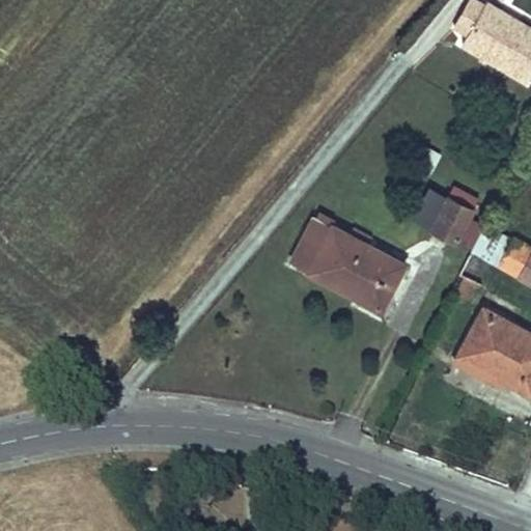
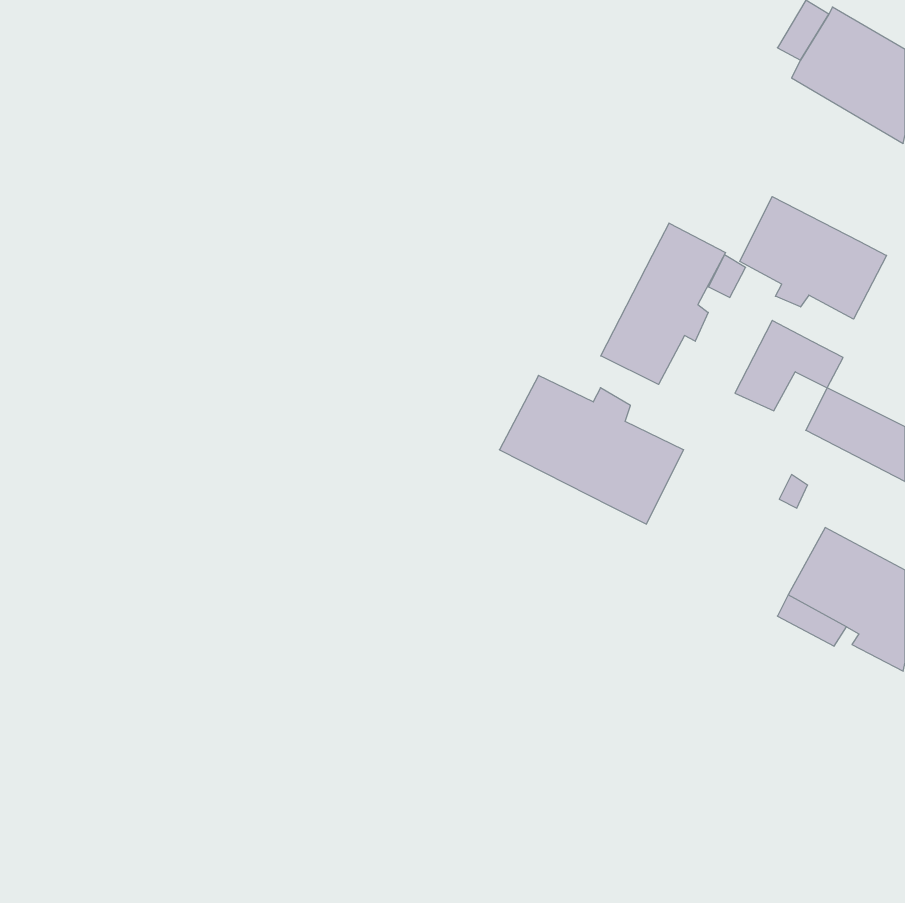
building: none -> [740,197,887,319]
building: none -> [601,223,726,384]

